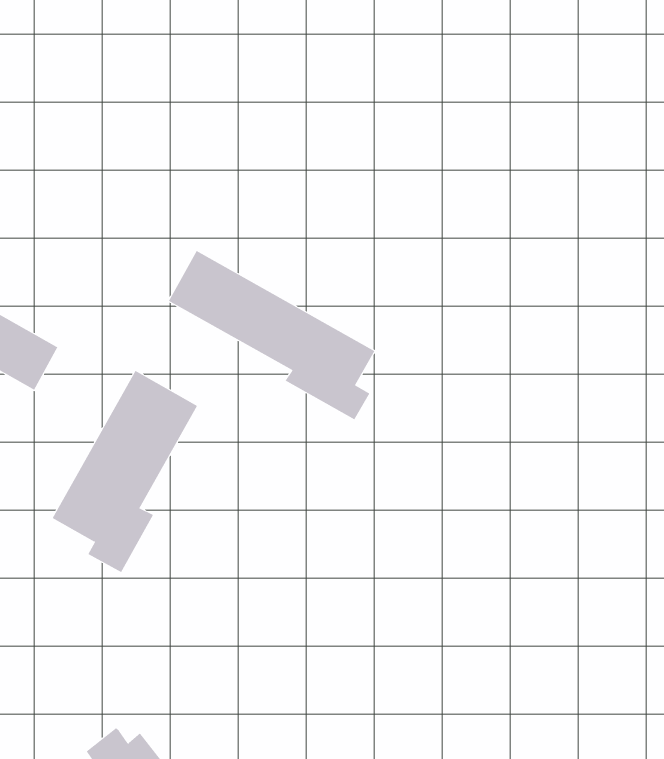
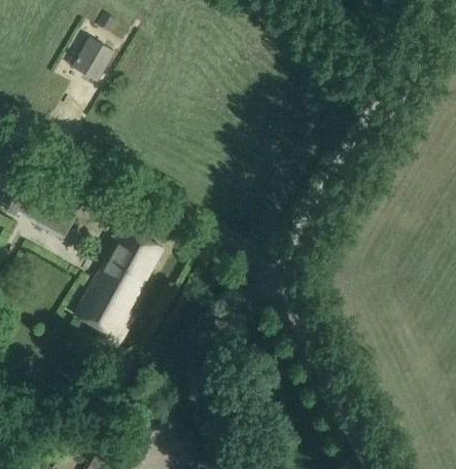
building: none -> [71,39,113,83]
building: [168,250,375,420] -> none

